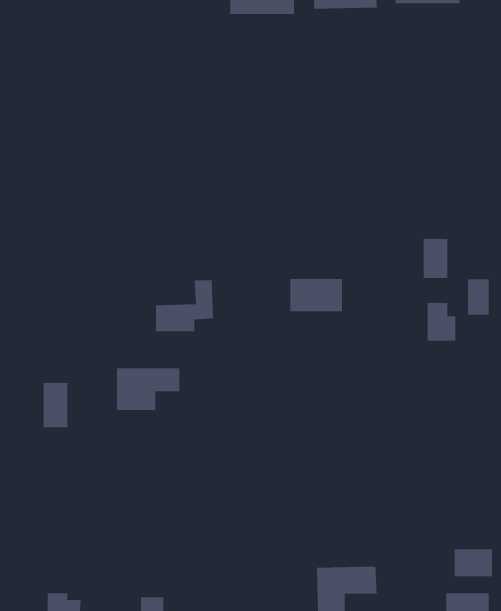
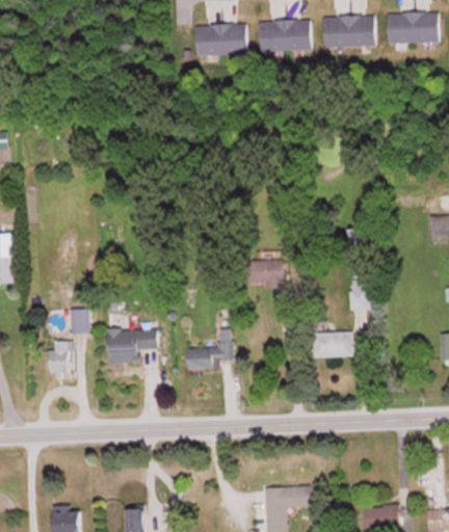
building: [468,278,489,315] -> none
building: [155,280,214,332] -> [187,329,233,370]
building: none -> [70,310,88,334]
building: none -> [312,332,353,357]
building: [454,548,493,577] -> none

